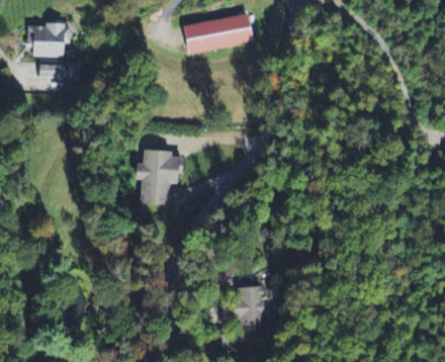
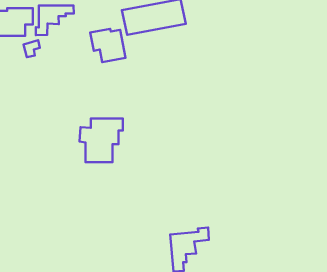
building: none -> [36,6,74,35]
building: none -> [90,29,125,62]

